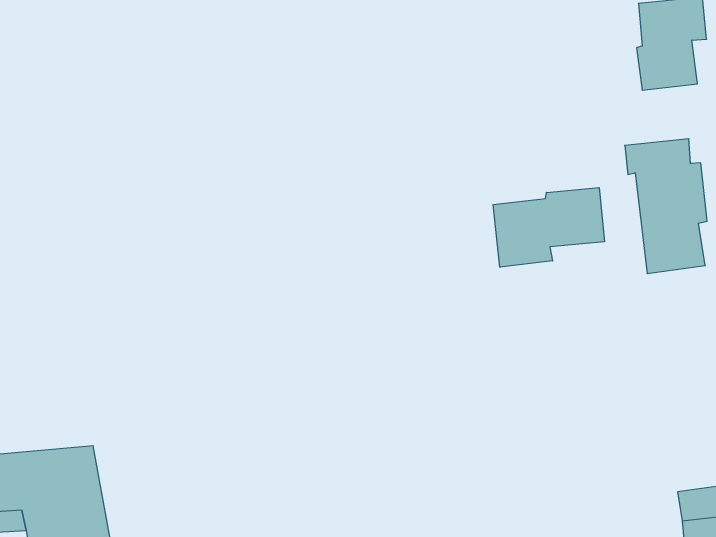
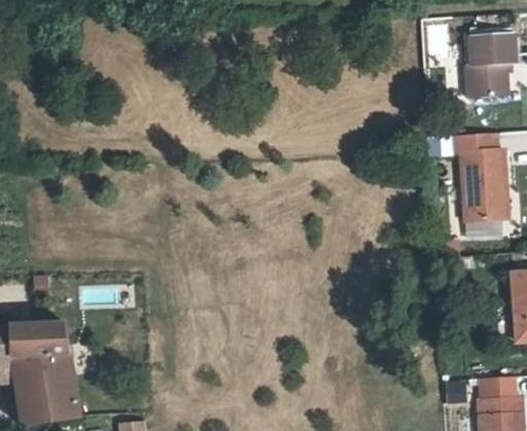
building: [493,188,604,267] -> none

